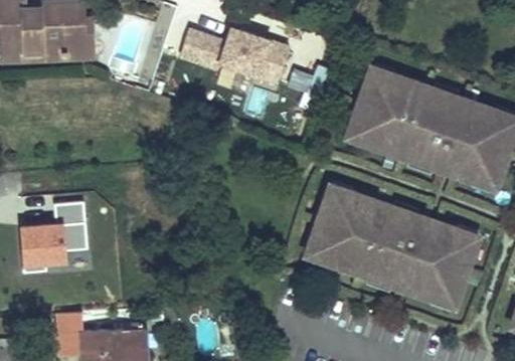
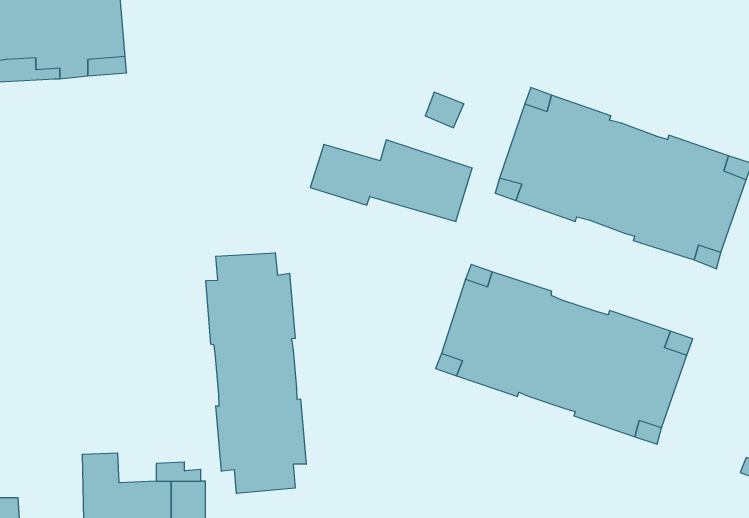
building: [183,26,293,81] -> [310,140,472,222]
building: none -> [206,253,306,494]
building: [26,203,92,274] -> none

